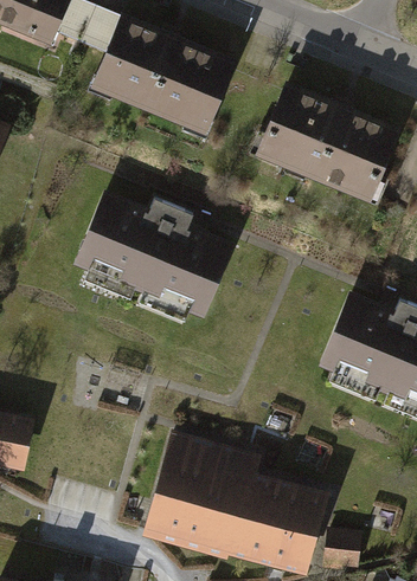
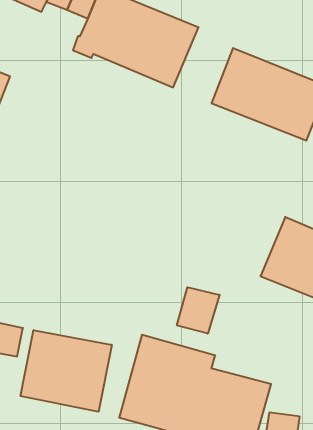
building: [70,187,229,312] -> none
building: none -> [177,287,220,334]
building: none -> [21,330,112,412]

